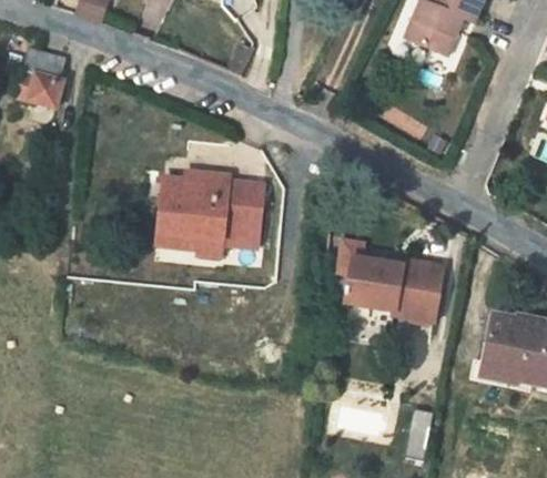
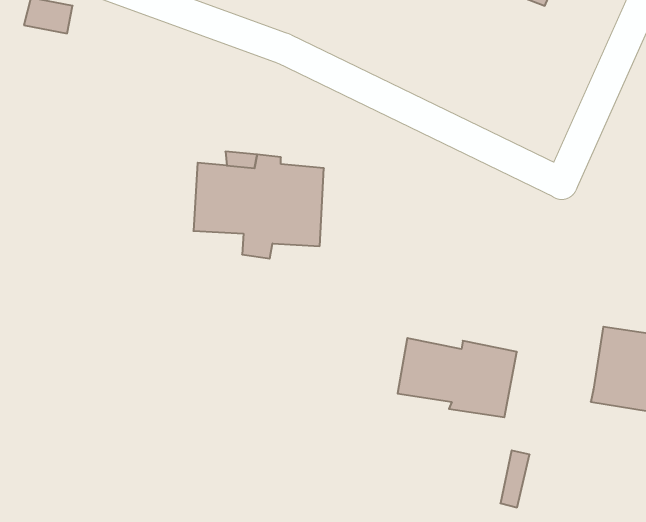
building: [18,69,65,108] -> none
building: [343,255,438,318] -> [398,338,517,417]

